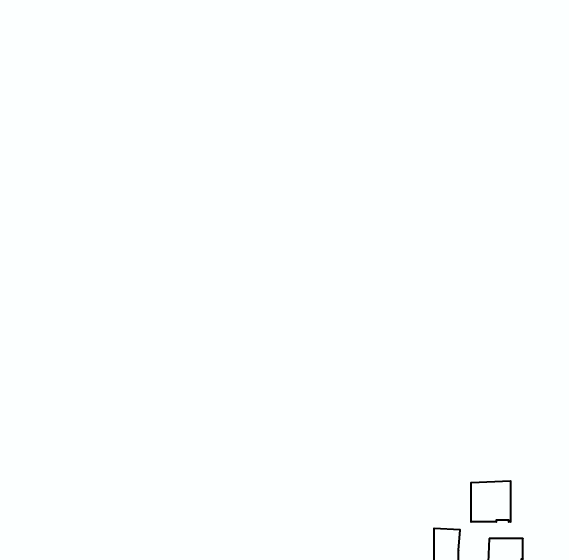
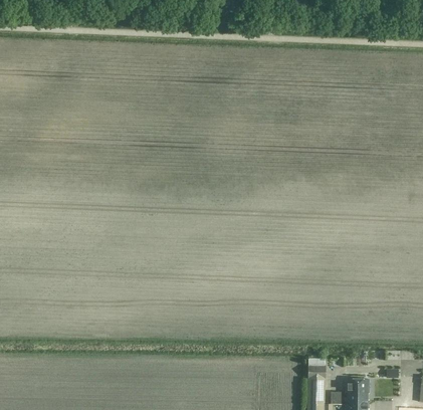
building: [471,481,511,522] -> none

